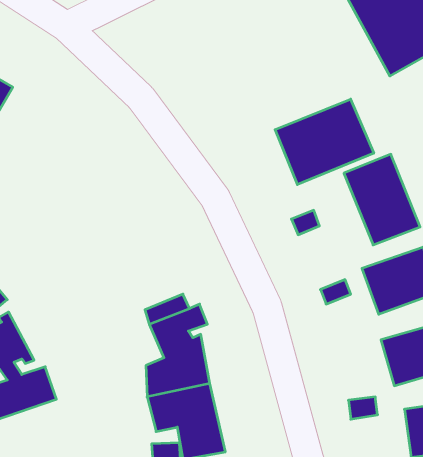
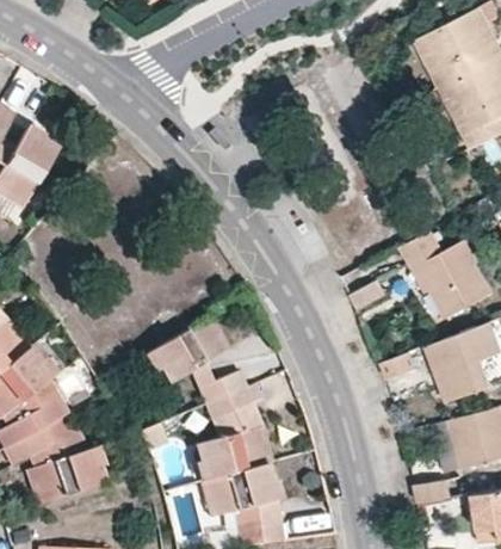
building: [275,99,374,185] -> none
building: none -> [151,314,229,383]

